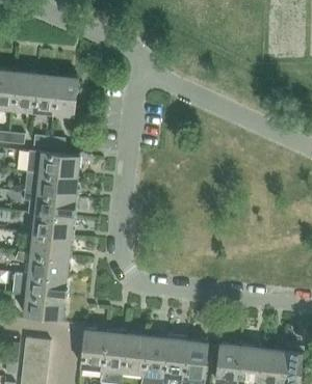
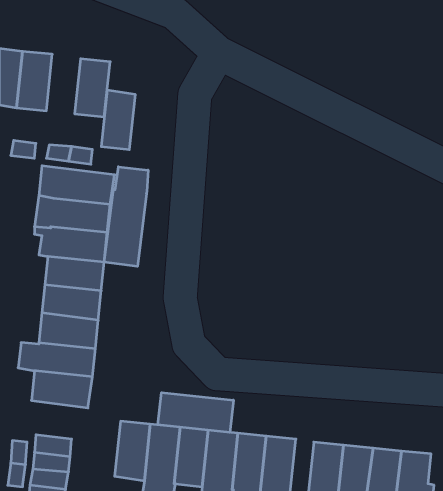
building: [33,74,57,115] -> [101,90,135,150]
building: none -> [104,167,148,266]
building: none -> [158,393,233,432]

